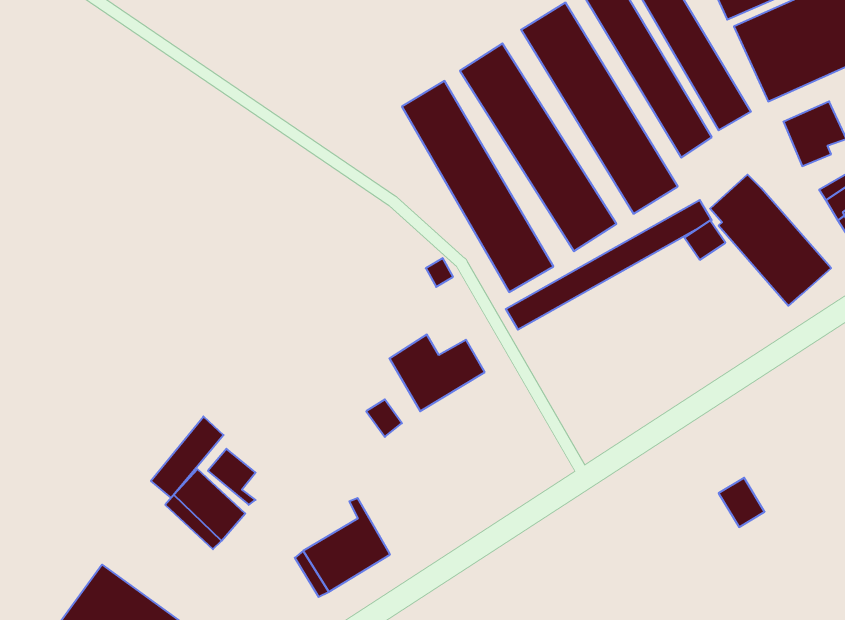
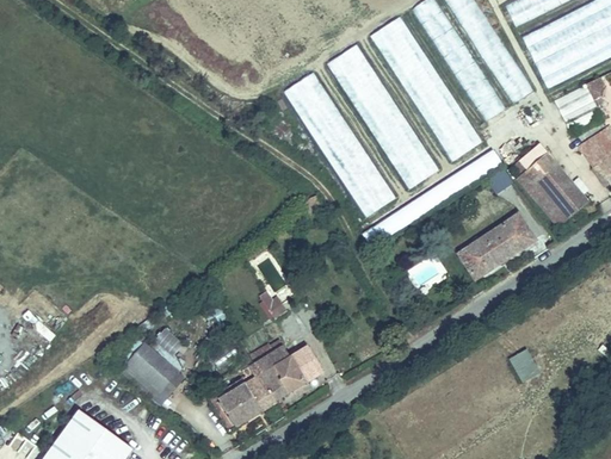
building: none -> [459,213,536,280]
building: [389,335,485,411] -> [257,345,323,398]
building: [151,416,224,498] -> none

